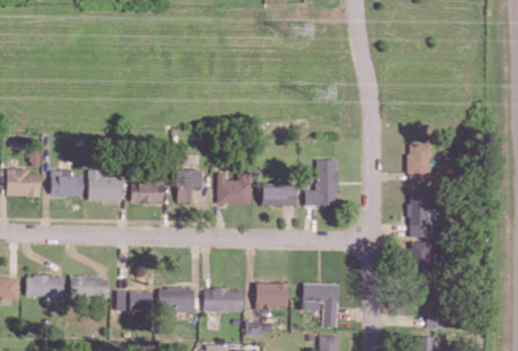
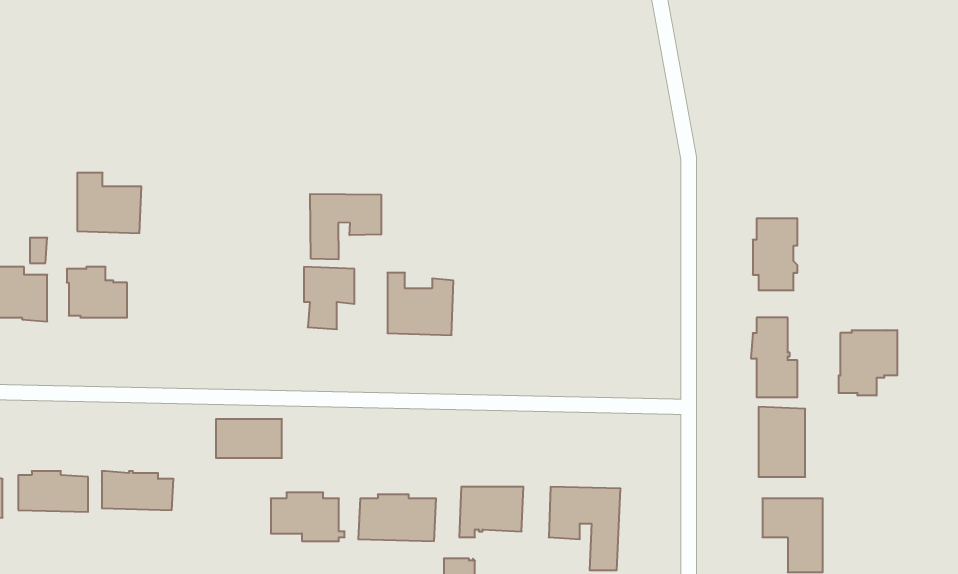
building: none -> [310,194,381,259]
building: [306,160,339,205] -> none
building: [88,170,121,201] -> [77,173,141,233]
building: [131,175,162,202] -> none
building: [260,184,297,205] -> none
building: none -> [839,330,897,396]
building: [114,290,149,311] -> [216,419,282,458]

